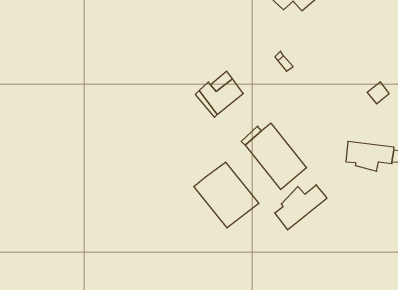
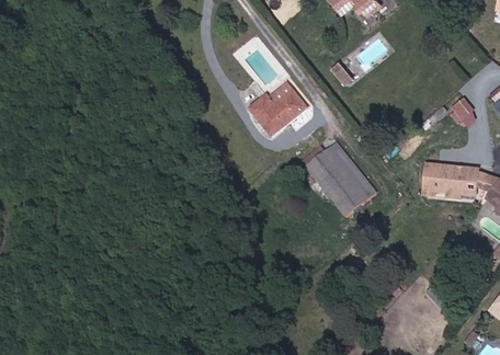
building: [194,162,259,228] -> none
building: [275,185,327,230] -> none

